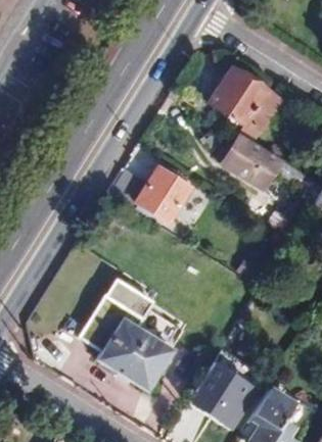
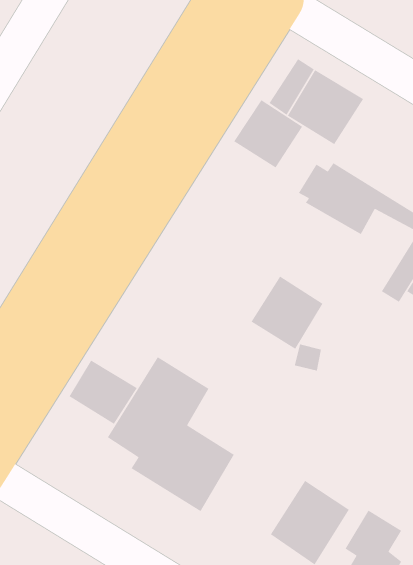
building: none -> [233,99,303,169]
building: [138,167,191,222] -> [250,275,324,350]
building: none -> [68,360,138,425]

